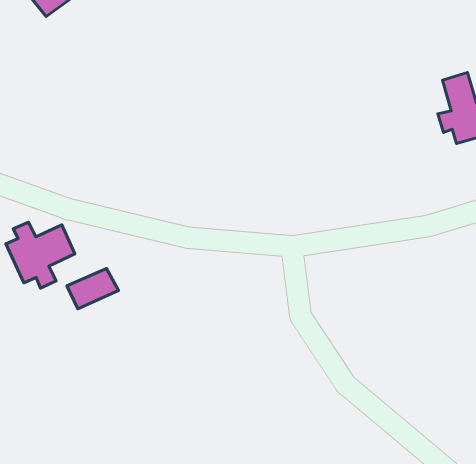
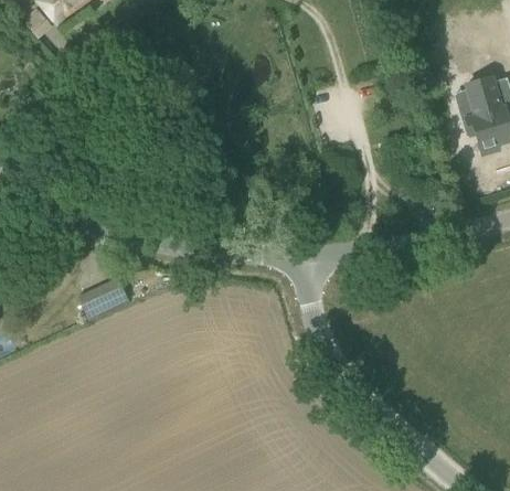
building: [6,222,75,288] -> none

